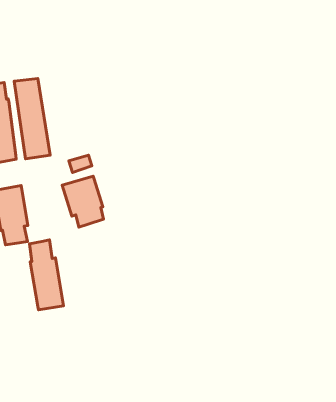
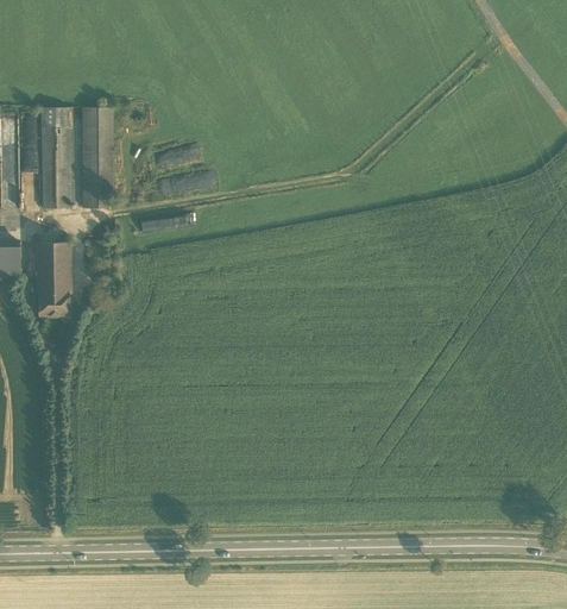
building: [62,176,104,227] -> none
building: [29,240,64,310] -> none

